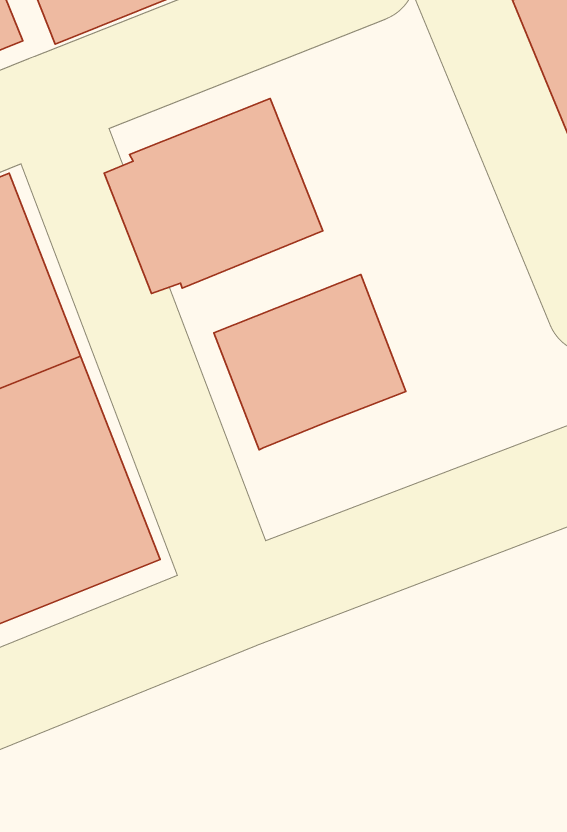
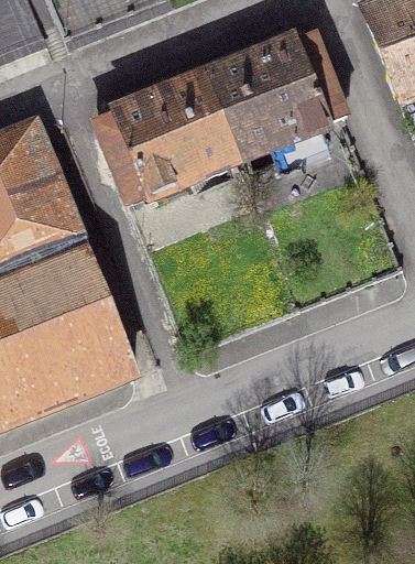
building: none -> [204,28,345,155]
building: [214,274,406,450] -> none

